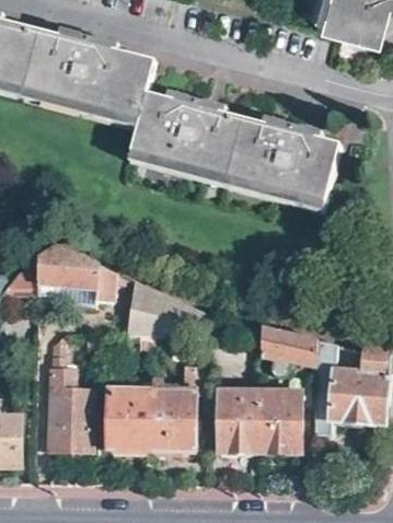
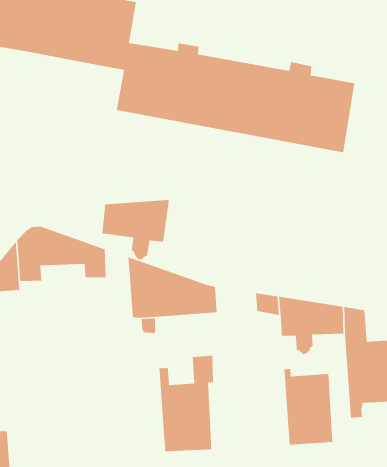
building: none -> [101,199,170,260]
building: [48,335,90,451] -> none
building: [107,386,151,452] -> none
building: [216,387,259,454] -> none

